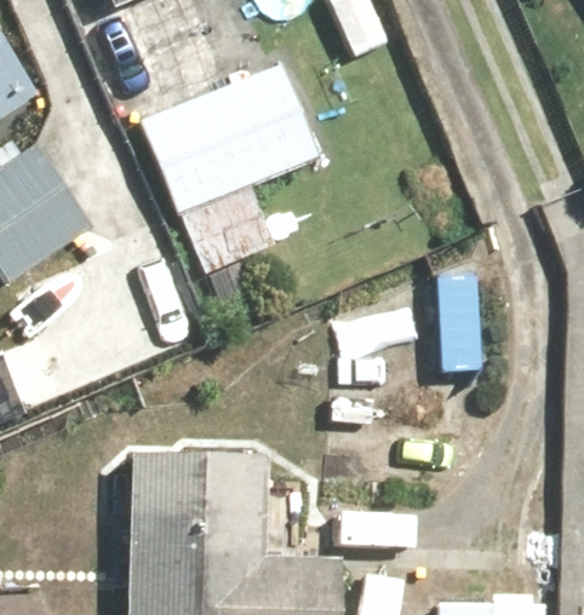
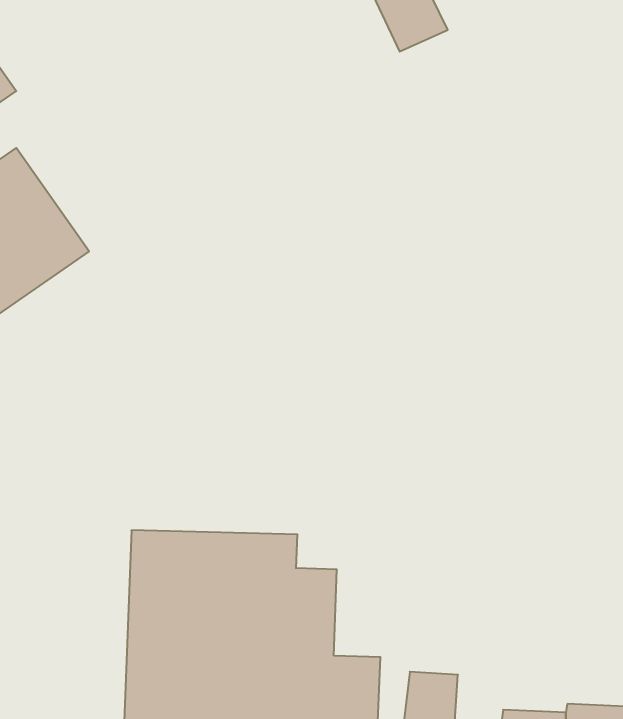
building: [141,64,321,275] -> none

